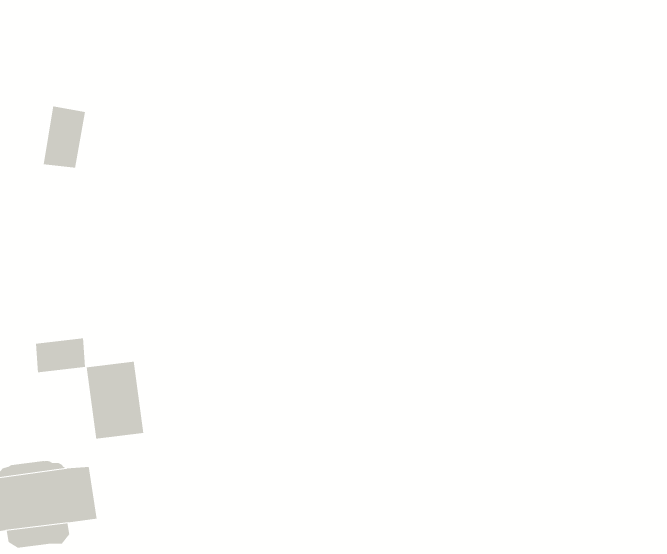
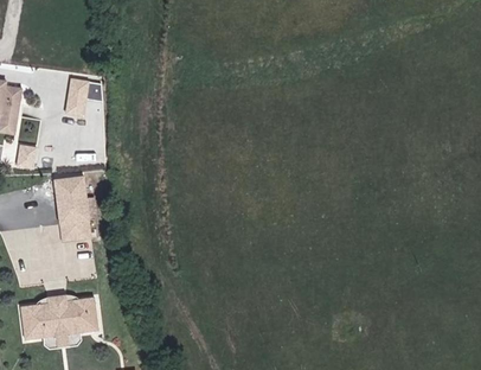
building: [86,361,144,439] -> [53,176,89,223]

